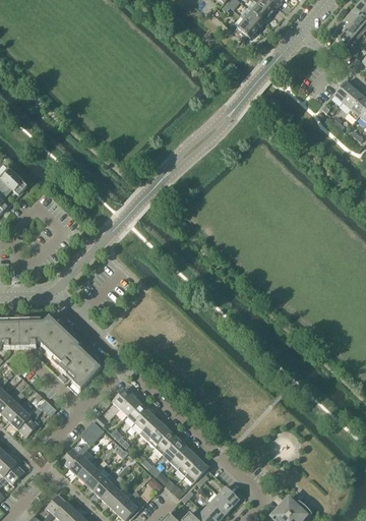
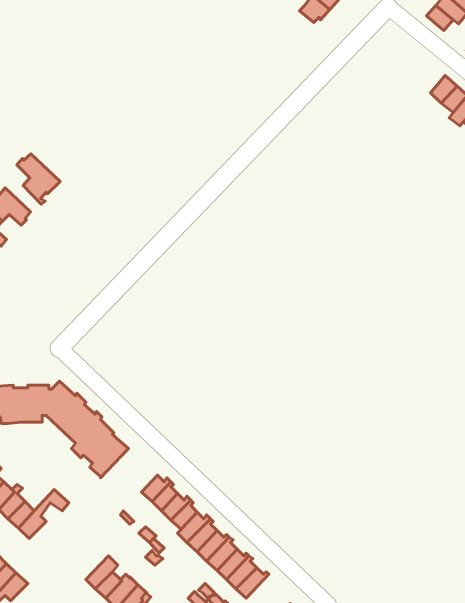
building: none -> [17,154,60,204]
building: [60,420,104,468] -> none

